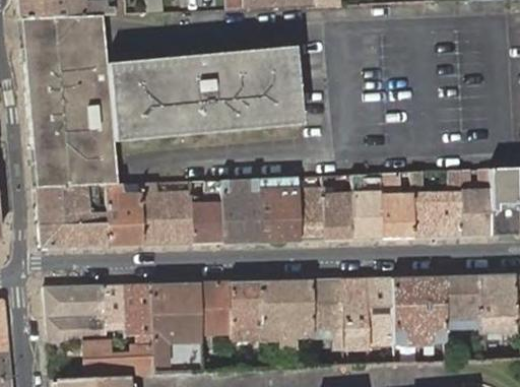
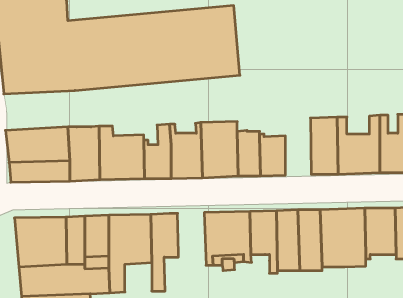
building: [34,141,117,187] -> none
building: [353,173,384,238] -> none
building: [232,280,264,340] -> none

